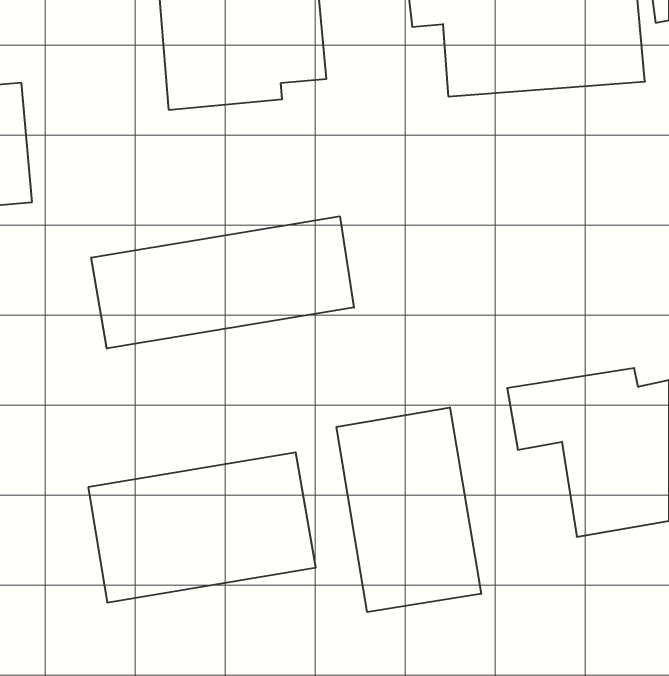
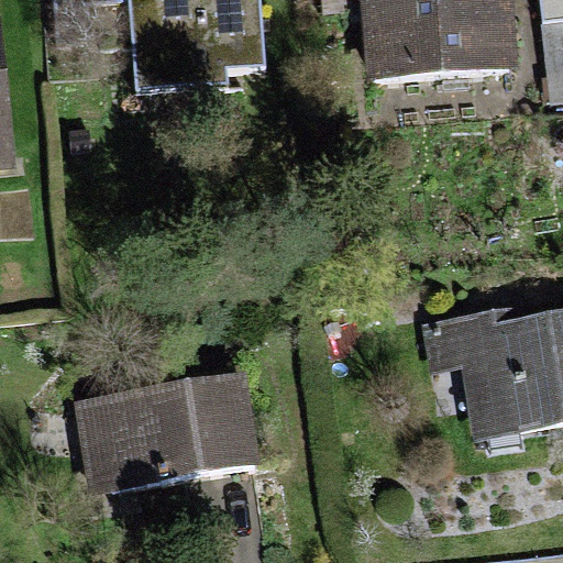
building: [91,216,354,349] -> none
building: [337,407,481,612] -> none

